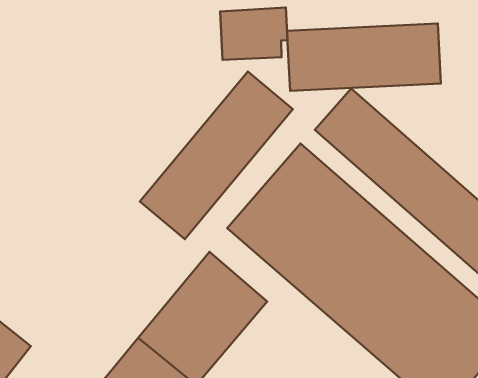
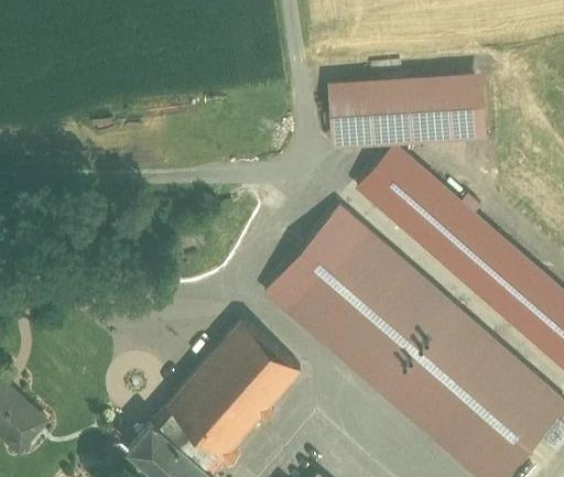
building: [220,8,287,60] -> none
building: [140,72,293,239] -> none

